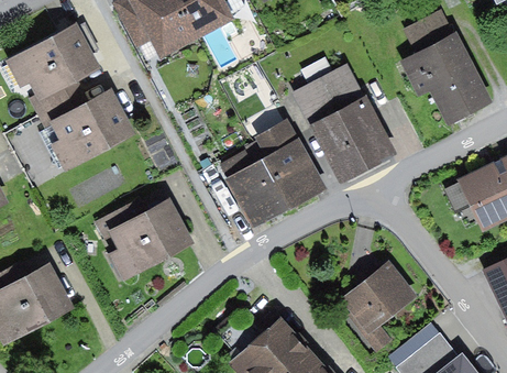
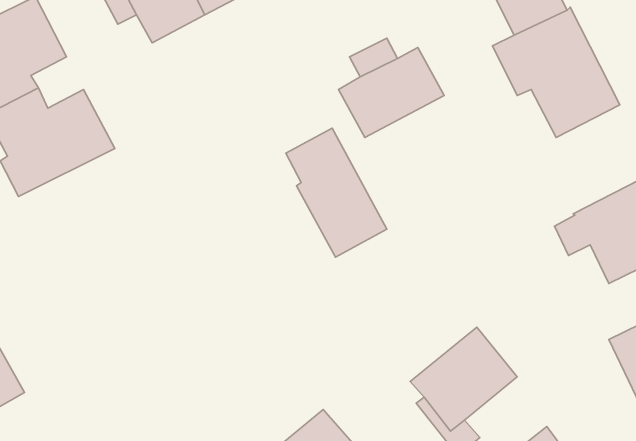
building: [310,96,397,184] -> none
building: [218,149,289,229] -> none
building: [93,197,192,279] -> none

